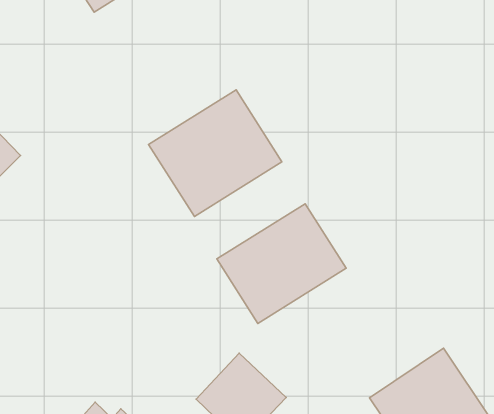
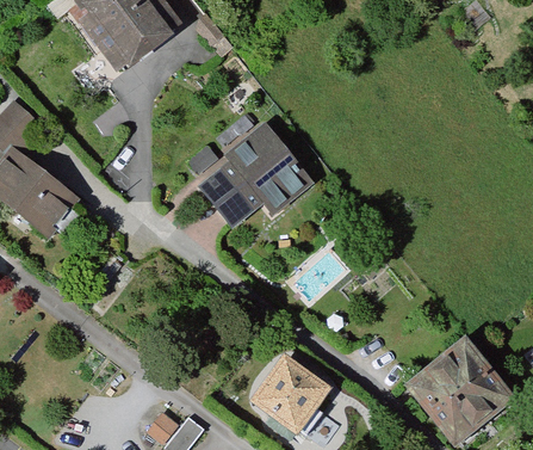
building: [217,204,346,324] -> none

